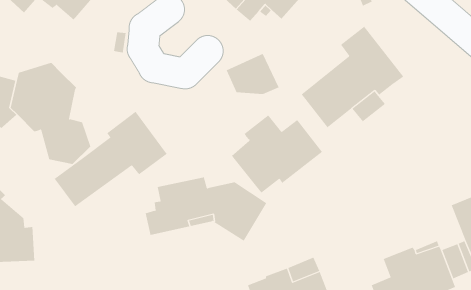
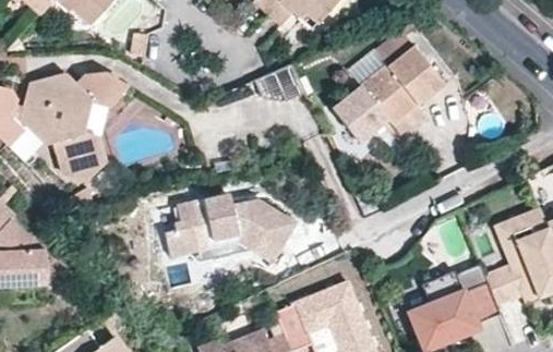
building: none -> [76,70,129,106]
building: [54,111,168,207] -> none
building: [231,114,323,193] -> none

